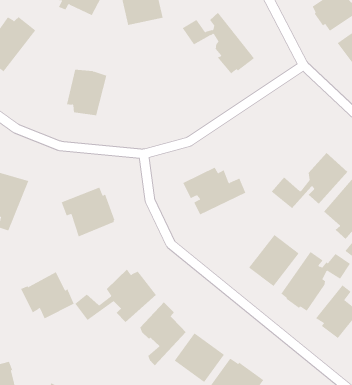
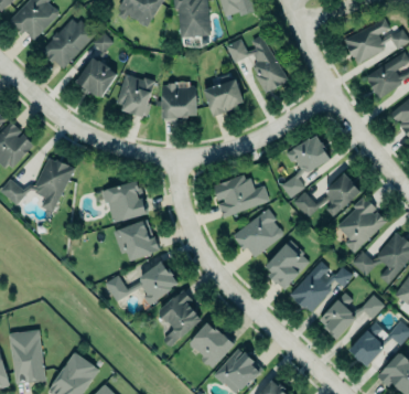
building: none -> [74,32,117,99]
building: none -> [205,79,245,117]
building: none -> [162,82,198,121]
building: none -> [282,137,332,198]
building: none -> [233,209,283,257]
building: [20,271,74,319] -> [112,220,160,262]

